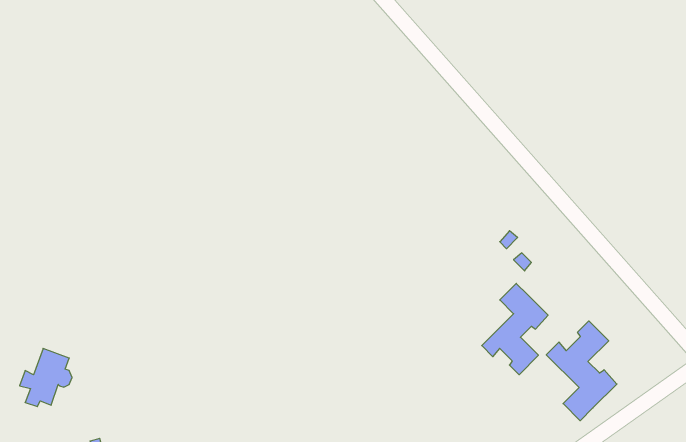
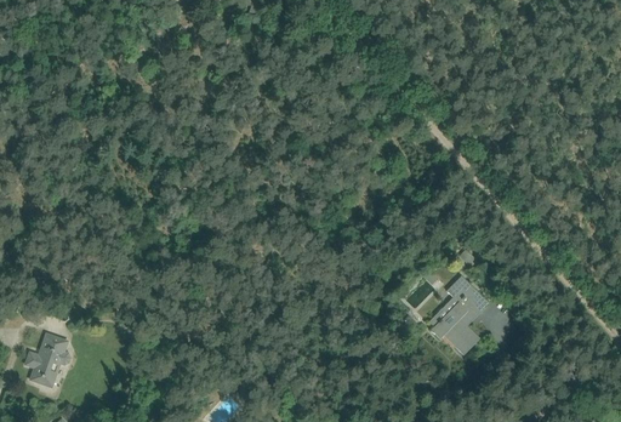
building: [546,321,617,421] -> none

